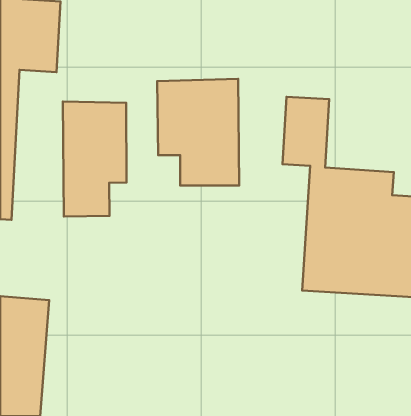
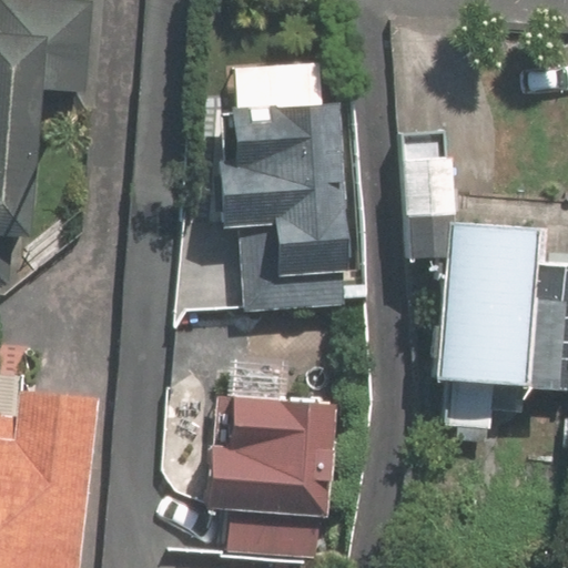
building: [63,101,126,217] -> none
building: none -> [189,396,338,523]

